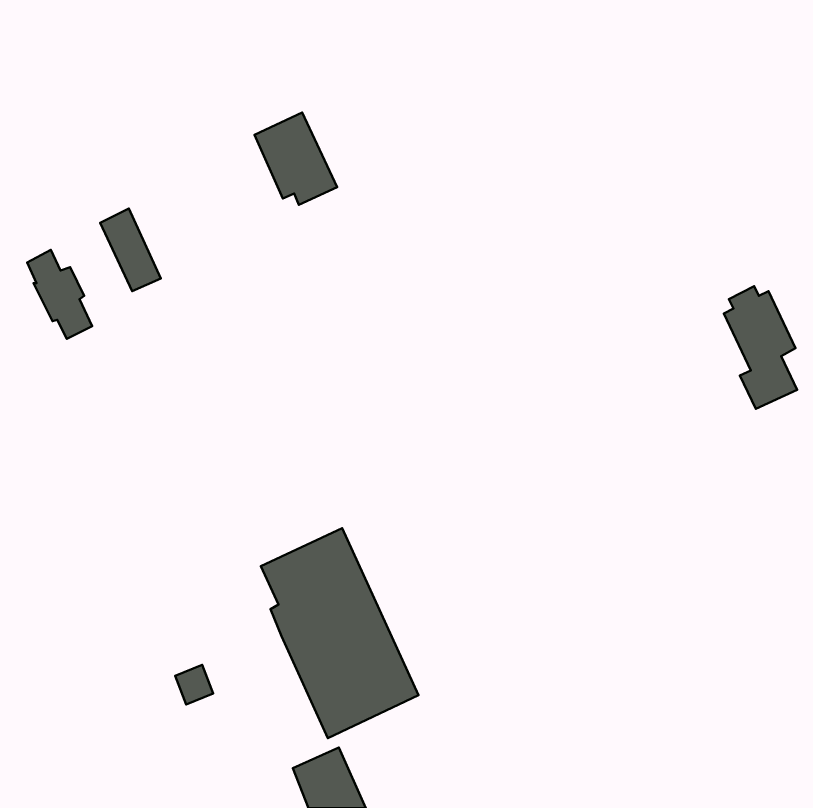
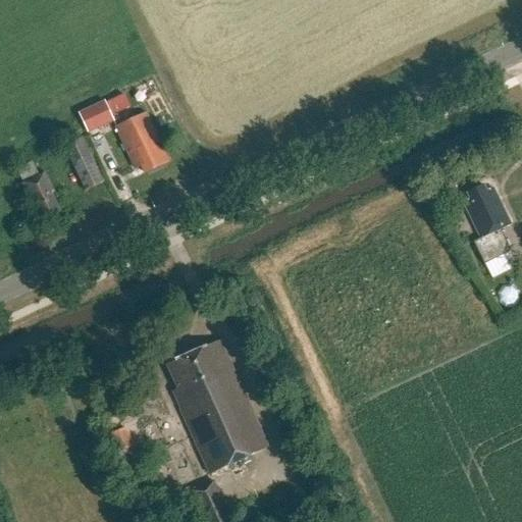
building: [254,113,337,205] -> [116,112,169,171]
building: none -> [79,98,114,129]

